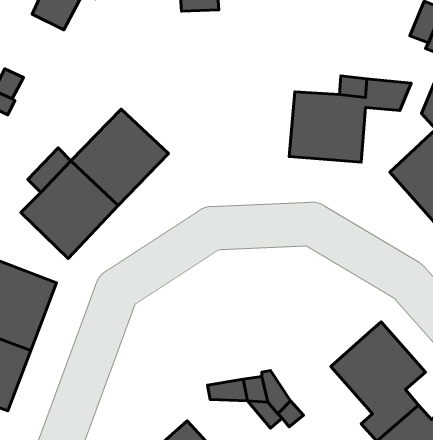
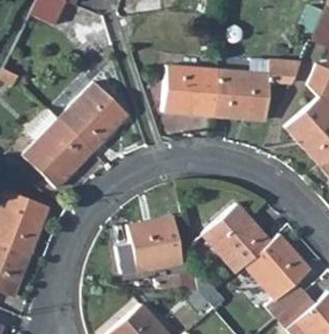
building: none -> [163,64,219,115]
building: none -> [202,202,271,272]
building: none -> [118,216,183,274]

